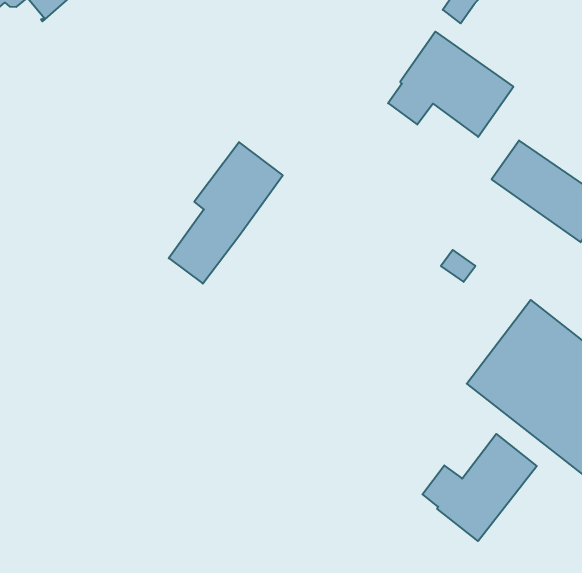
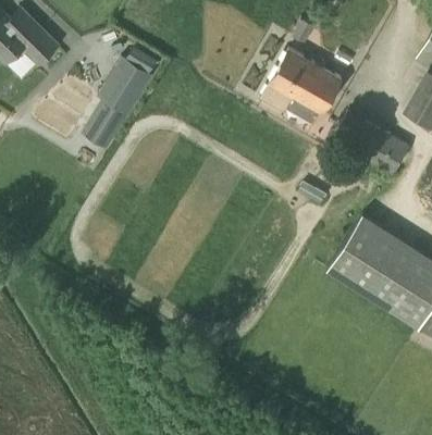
building: [169,142,283,284] -> [85,58,152,149]
building: [422,434,537,541] -> none

